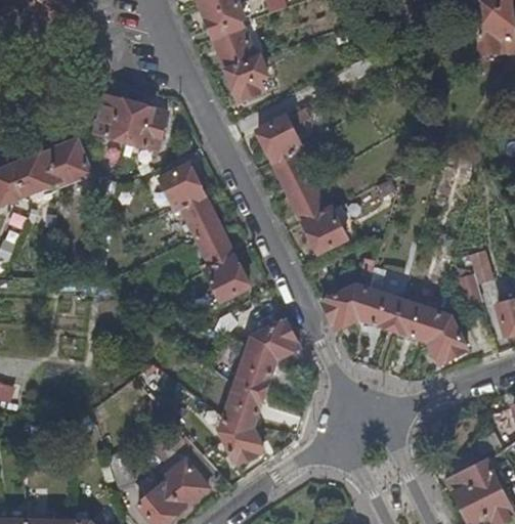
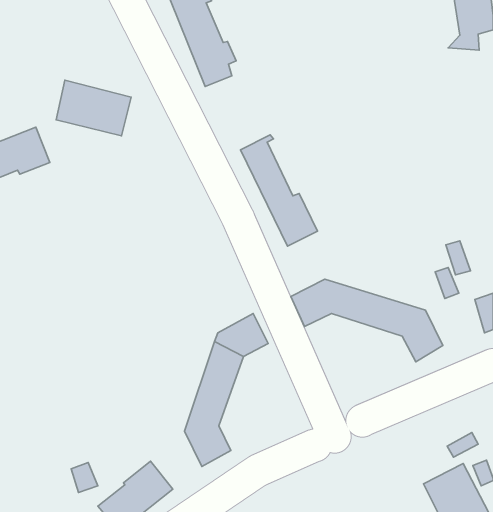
building: [257,116,301,161] -> none
building: [160,164,249,300] -> none

